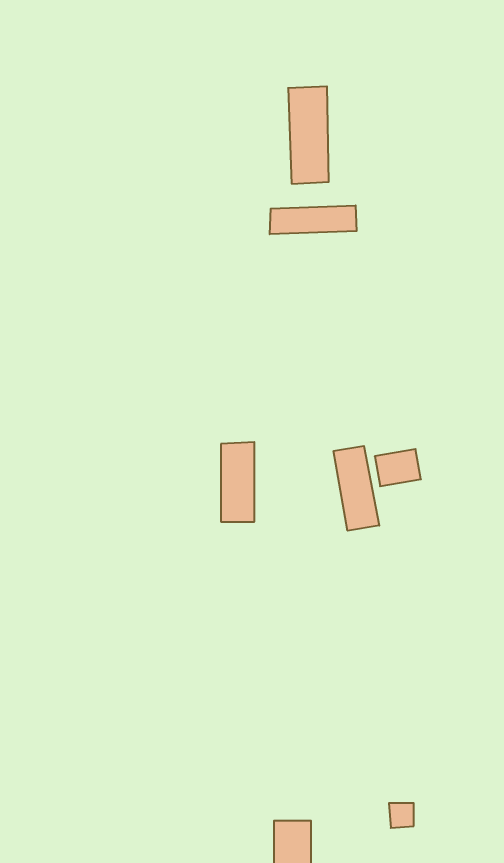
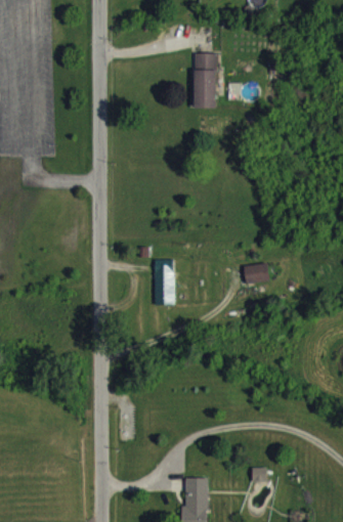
building: [270,205,357,234] -> none
building: [334,446,379,531] -> none

